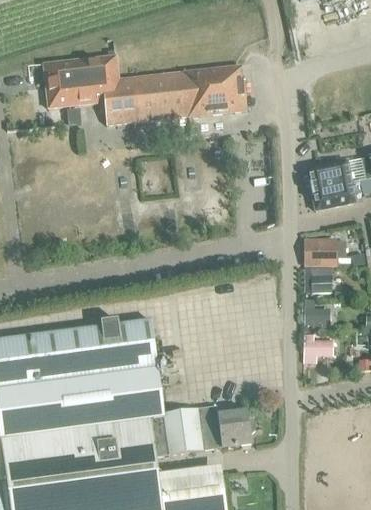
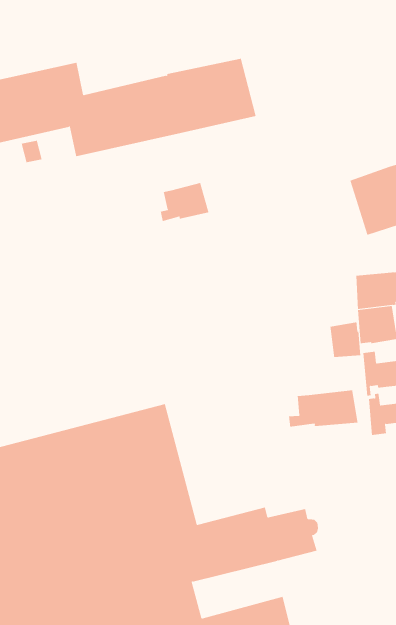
building: none -> [160,182,209,222]
building: none -> [330,322,361,358]
building: none -> [289,390,358,428]

